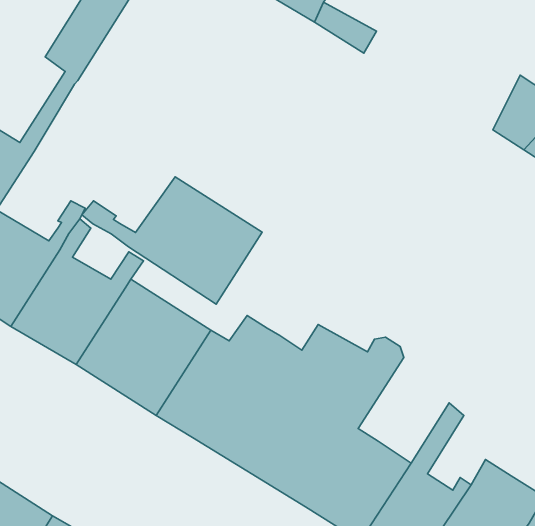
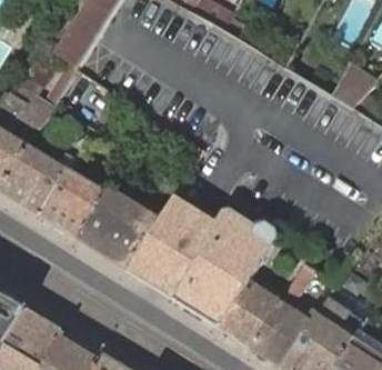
building: [82,177,262,304] -> none

